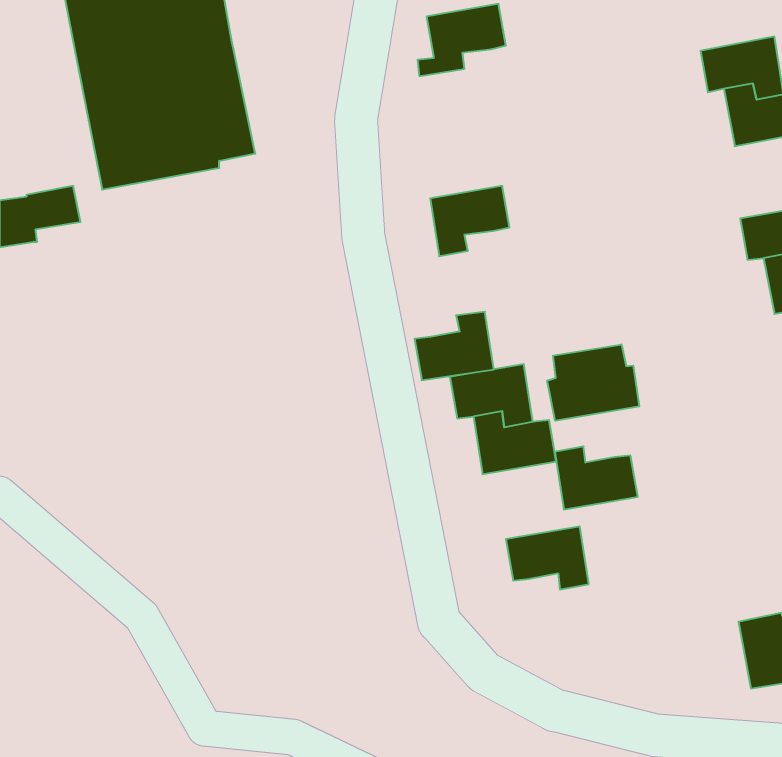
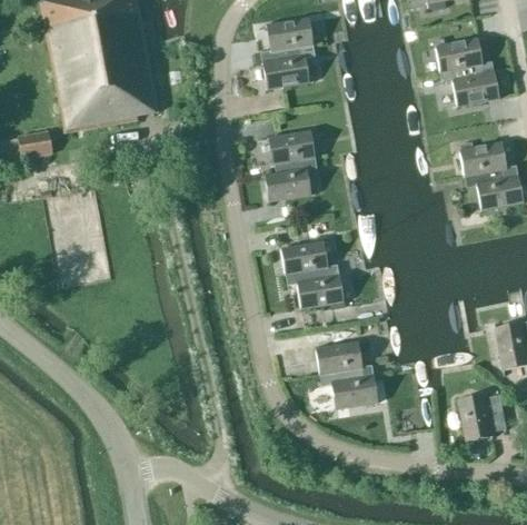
building: none -> [262,46,312,88]
building: [415,312,494,380] -> [265,158,314,200]
building: [547,344,639,421] -> none
building: [555,446,638,509] -> [330,369,381,408]

